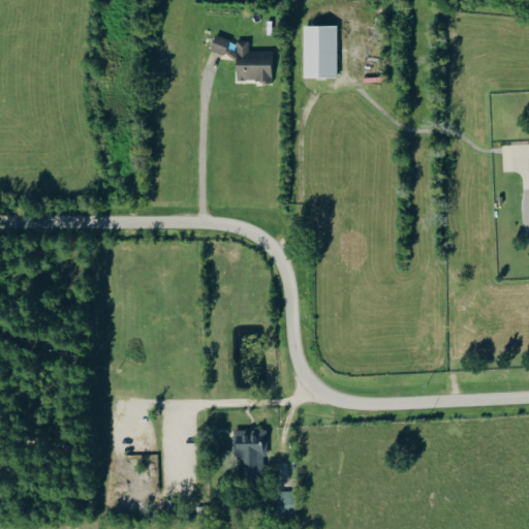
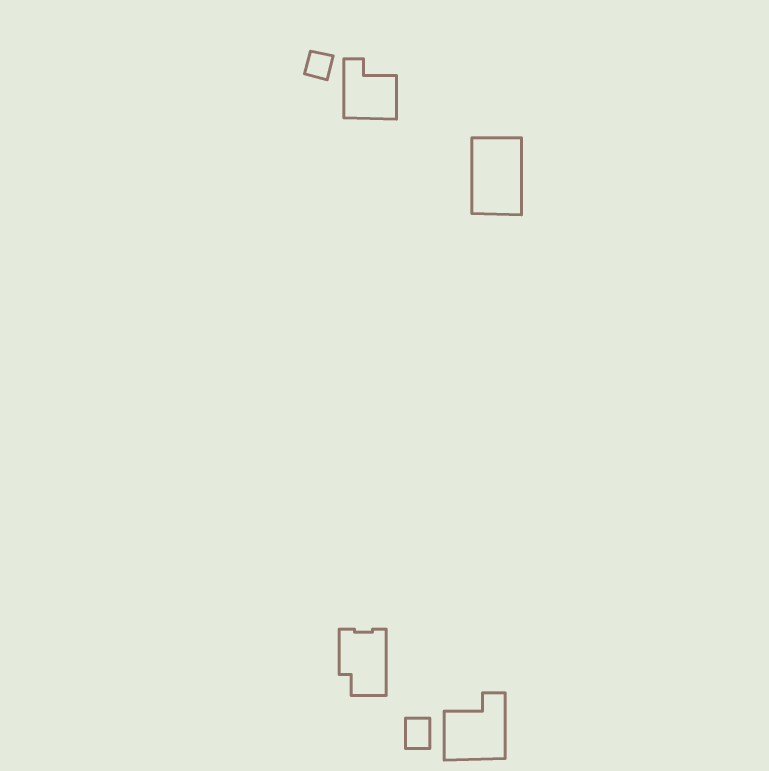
building: [303,25,337,77] -> [472,138,522,215]
building: none -> [444,693,505,760]

